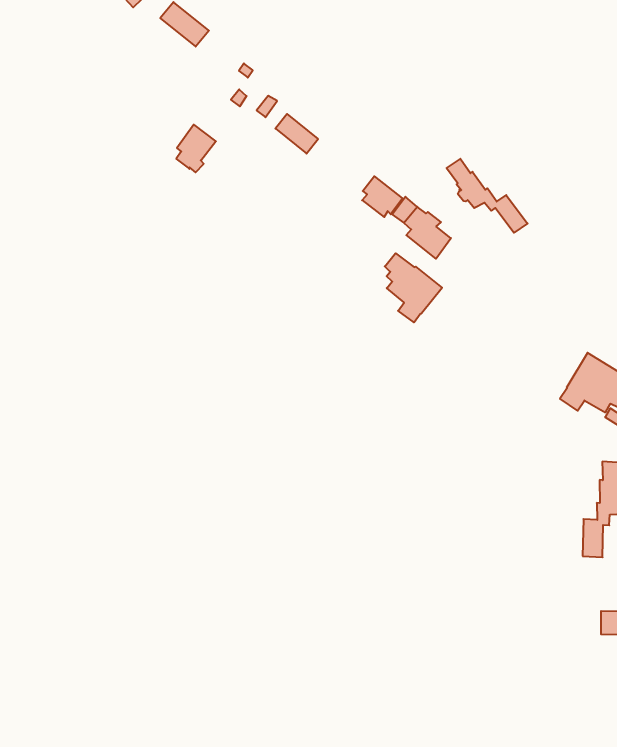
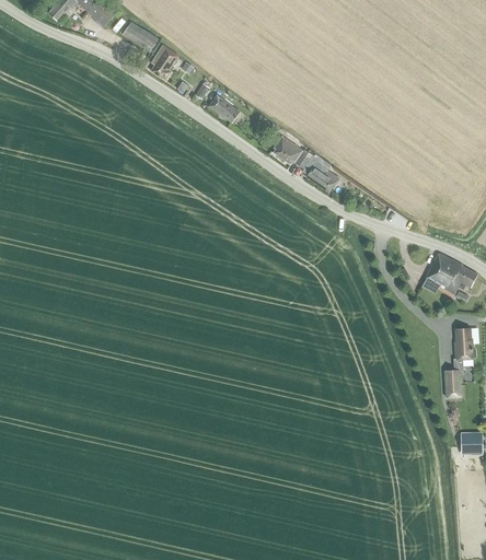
building: [176,125,216,172] -> [151,45,178,79]
building: [447,159,528,233] -> none
building: [385,253,442,322] -> none

